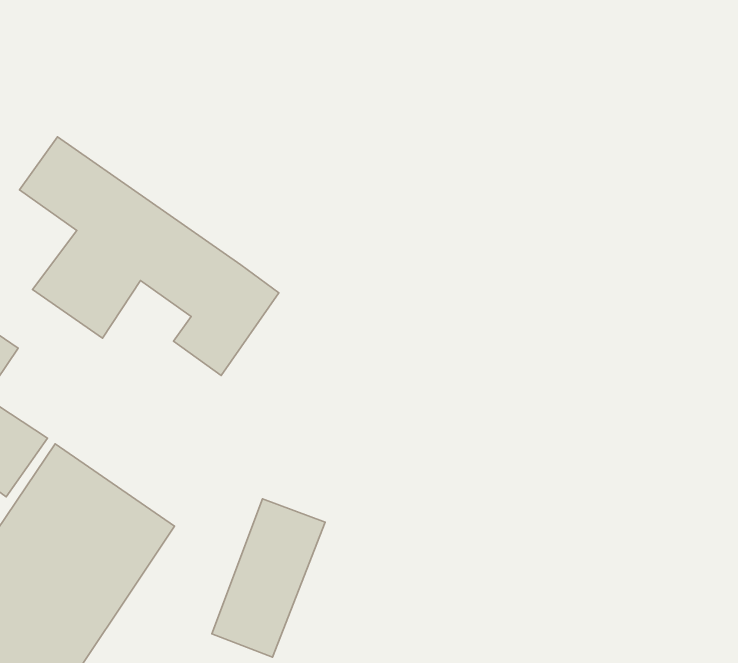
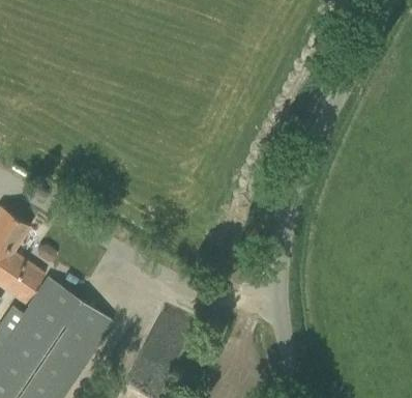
building: [19,137,279,376] -> none

